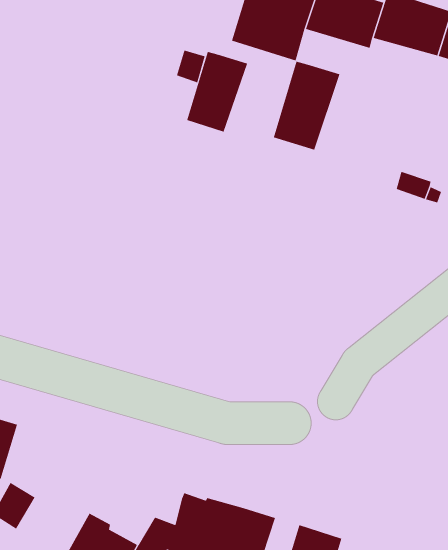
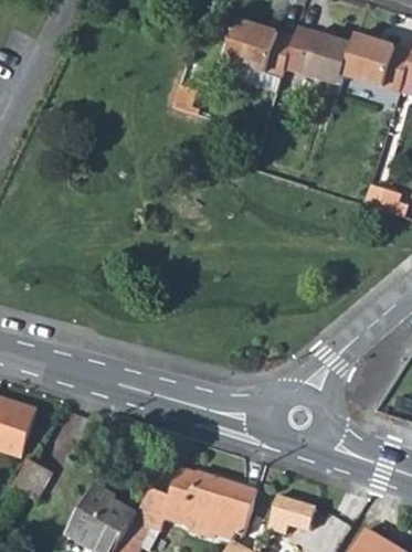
building: [186,51,248,132] -> none
building: [273,61,340,151] -> none

